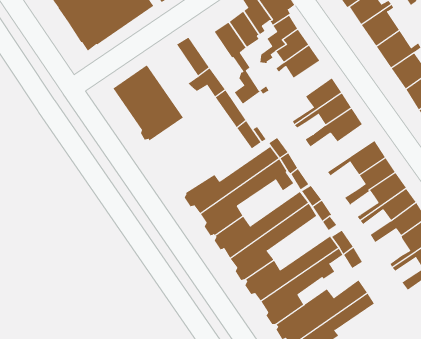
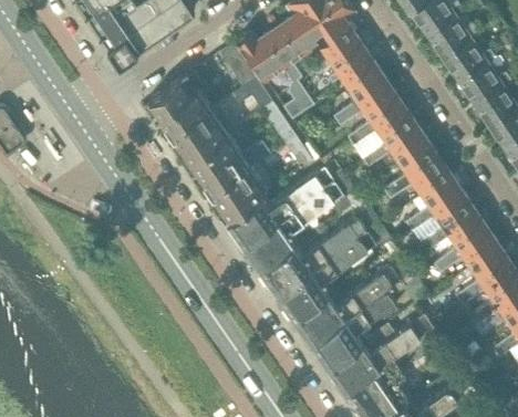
building: none -> [238,33,281,81]
building: none -> [334,72,393,127]
building: none -> [188,135,271,219]
building: none -> [384,143,441,196]

